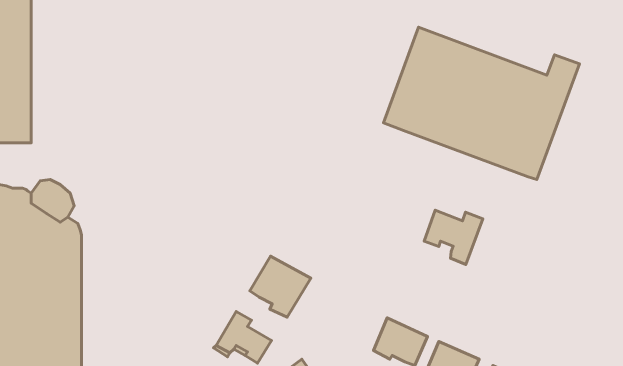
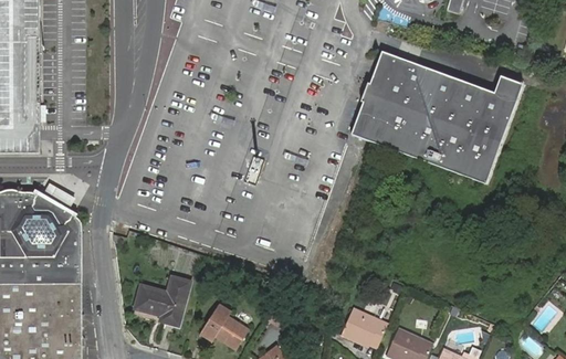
building: [424,210,483,265] -> none
building: [250,256,311,317] -> none
building: none -> [137,276,192,324]

